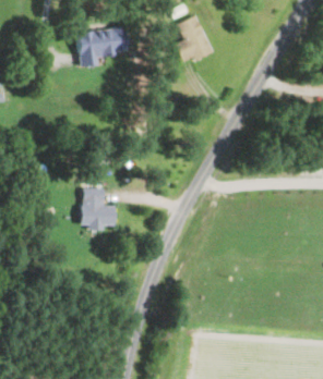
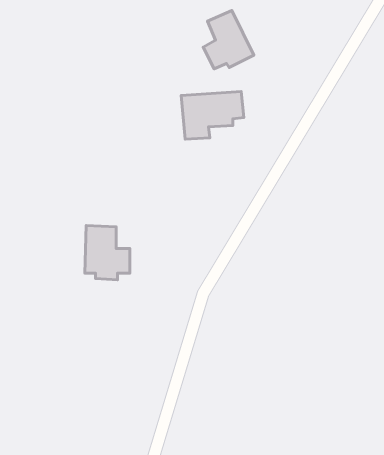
building: [75,28,125,66] -> [181,92,244,139]

